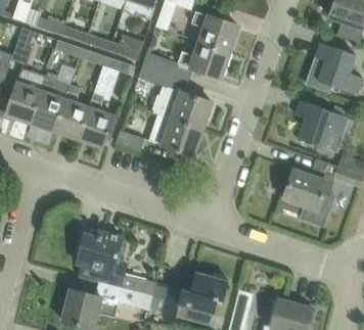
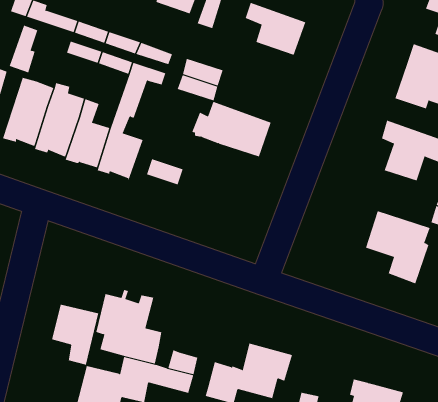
building: [177,41,229,78] -> none
building: [148,113,202,155] -> none
building: none -> [51,304,99,366]

